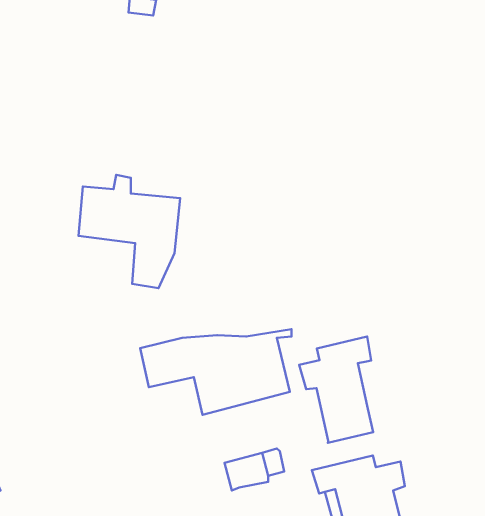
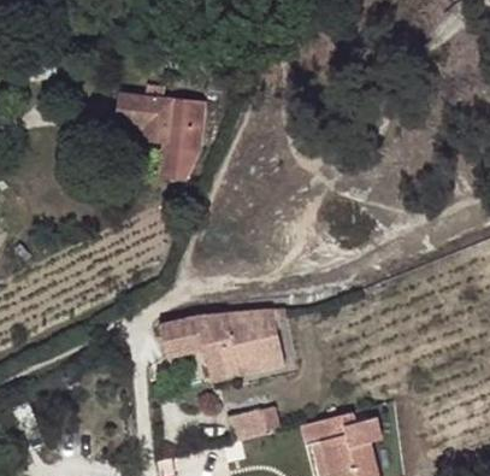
building: [78,175,180,288] -> [116,84,200,178]
building: [299,337,373,443] -> none

